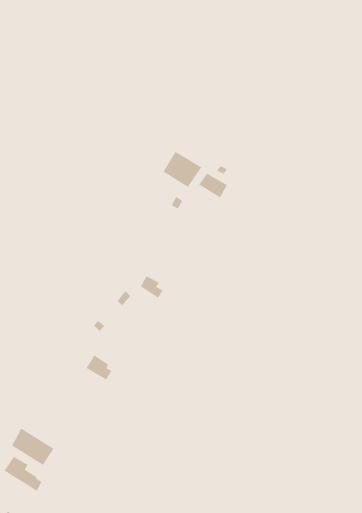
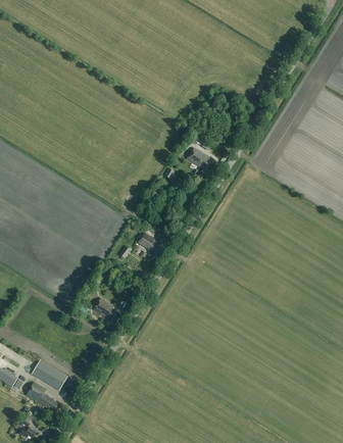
building: [163,151,202,188] -> none

